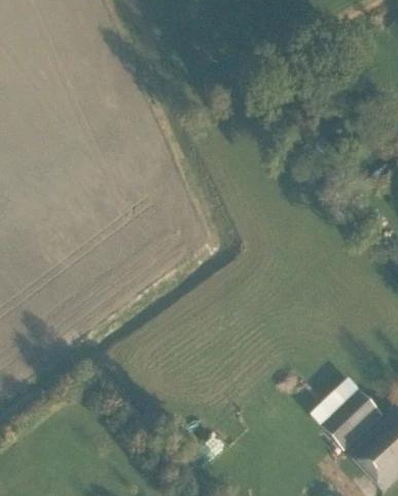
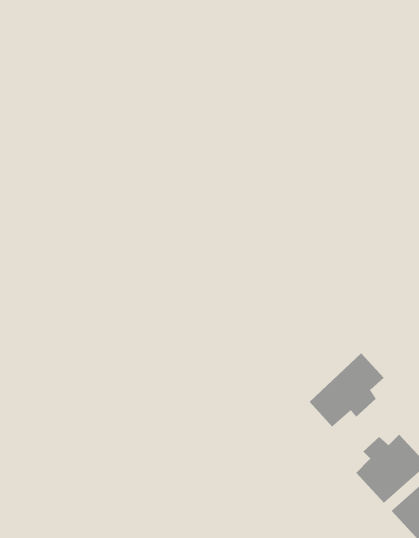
building: none -> [309,352,385,427]

